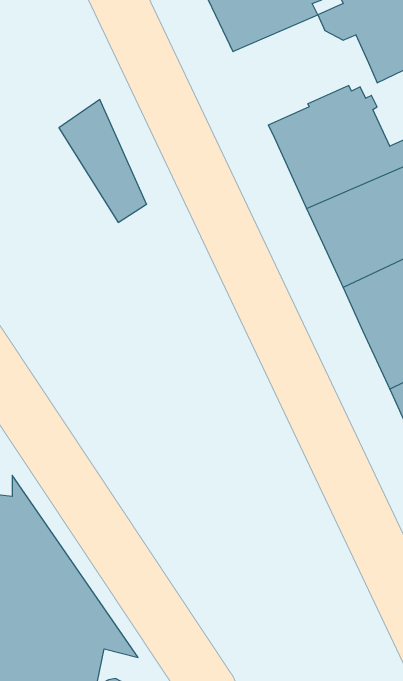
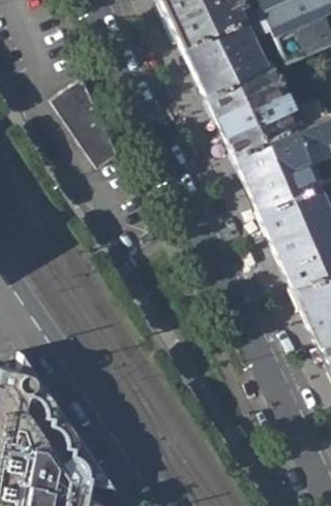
building: none -> [178,14,277,95]

